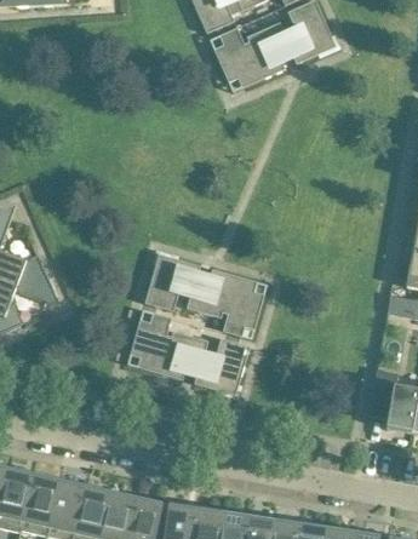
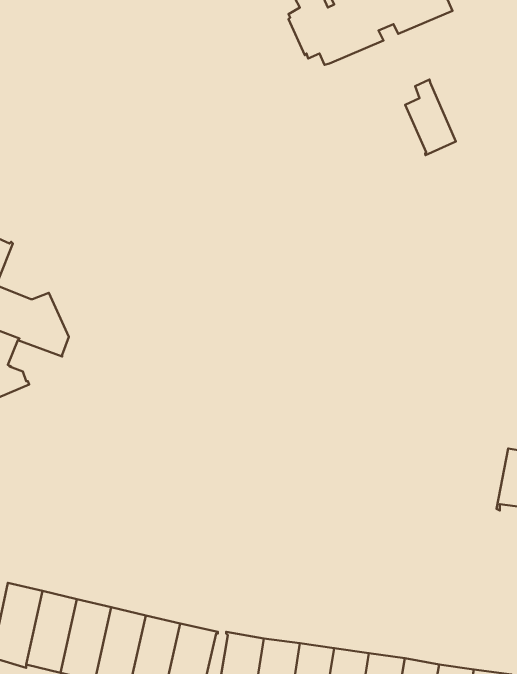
building: none -> [405,80,456,155]
building: [144,253,263,336] -> none
building: [130,311,250,395] -> none

